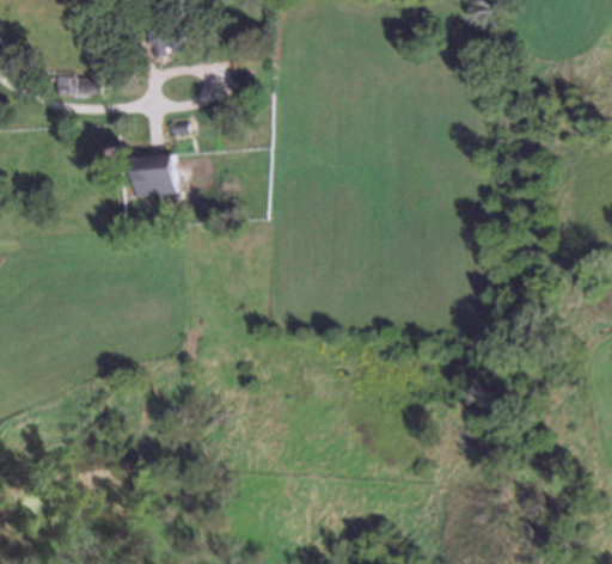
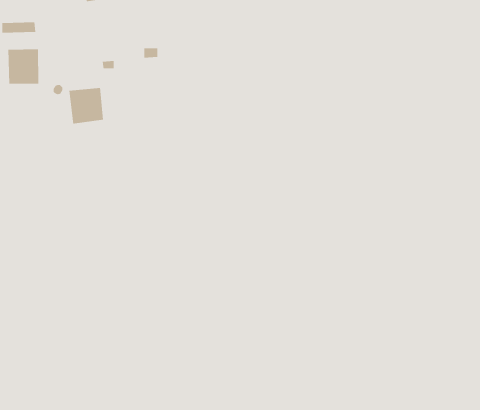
building: none -> [8,48,39,85]

